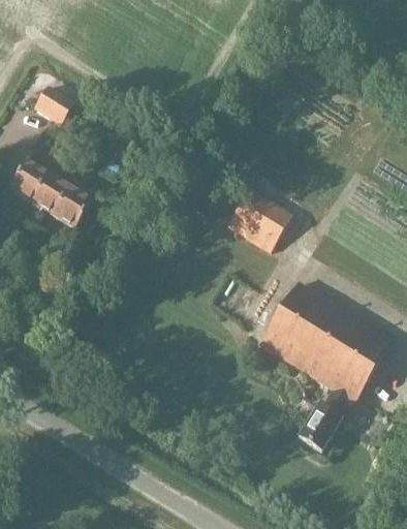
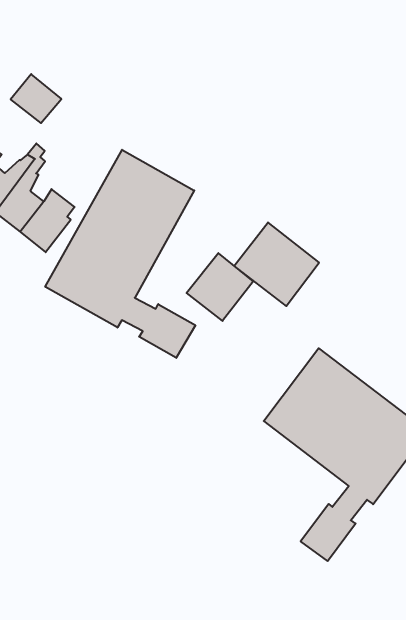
building: none -> [45,150,195,358]
building: none -> [187,253,253,321]

